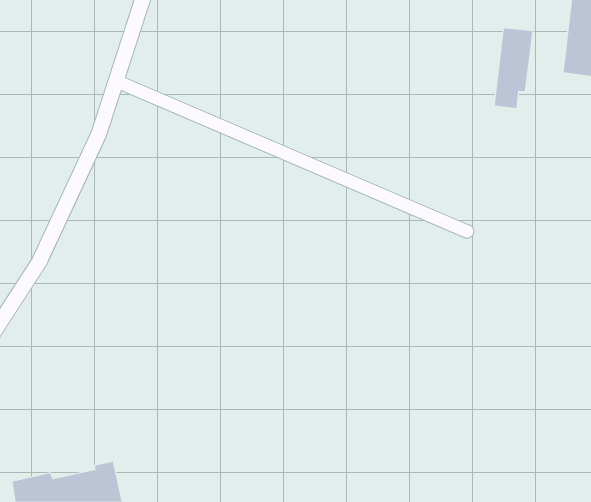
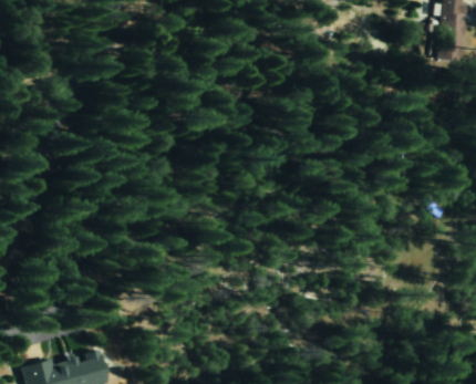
building: [494,28,533,109] -> none

